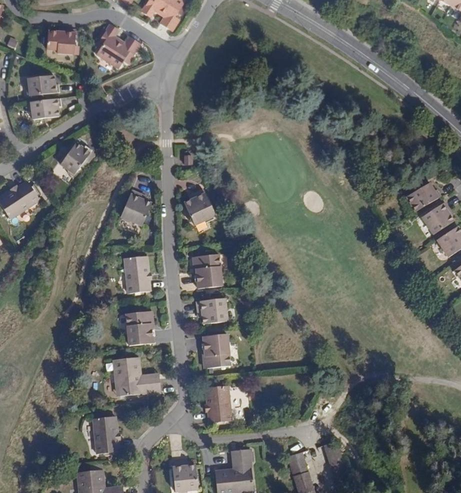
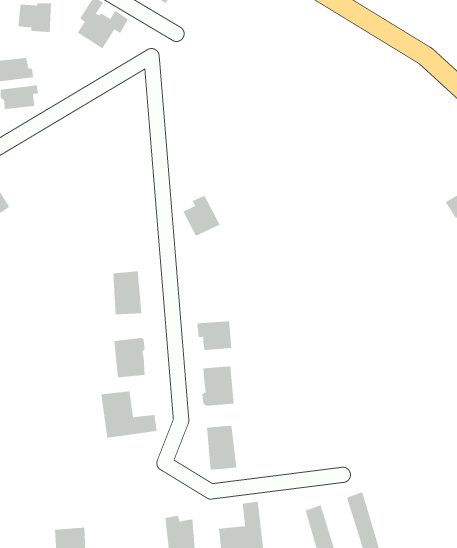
building: [61,145,93,179] -> none
building: [121,191,151,226] -> none
building: [192,256,221,289] -> none
building: [91,417,117,454] -> none

